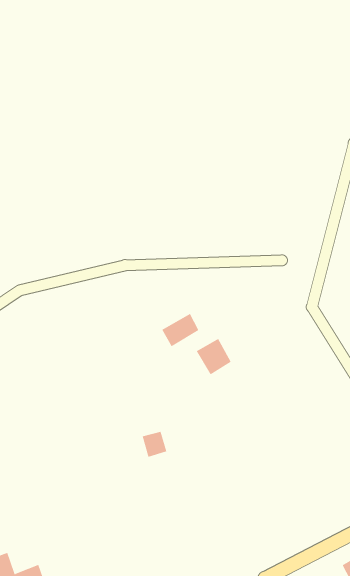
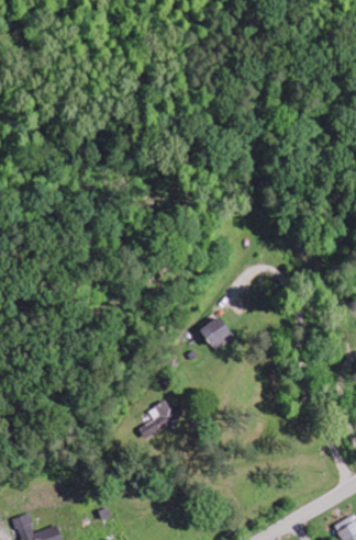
building: [161,313,199,347] -> none

